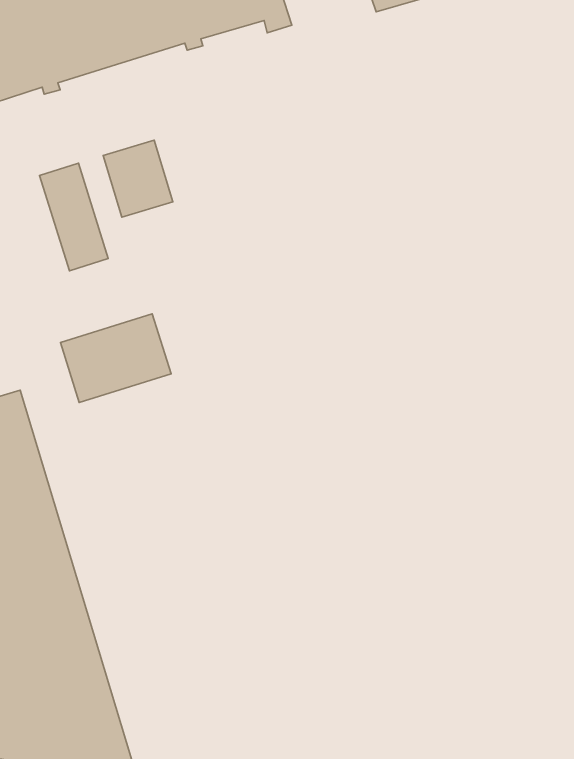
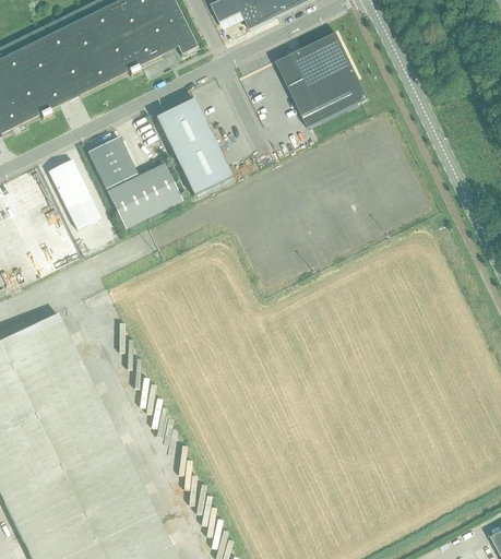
building: none -> [276,32,369,128]
building: none -> [155,97,232,194]
building: [60,314,171,402] -> [107,163,182,228]

